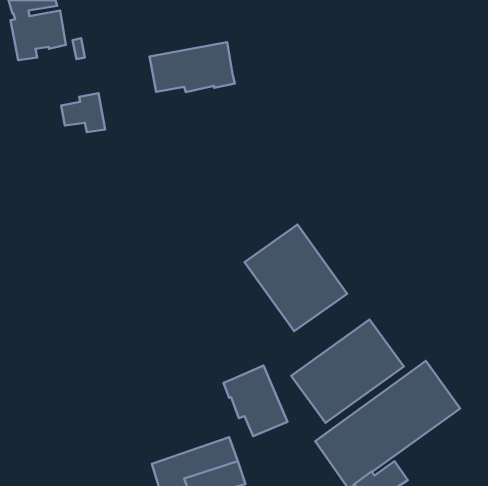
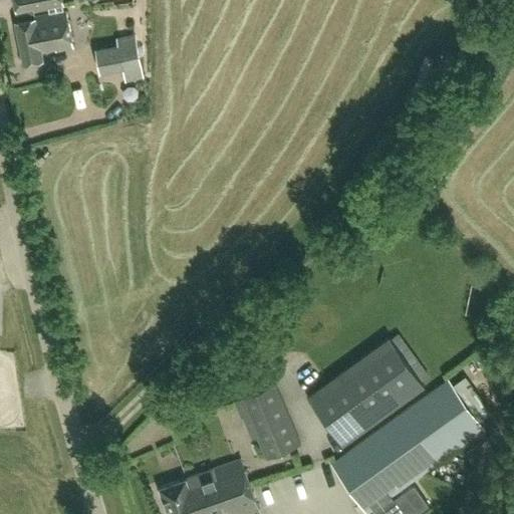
building: [149,42,235,92] -> none
building: [61,93,105,132] -> [96,39,143,80]
building: [244,224,347,331] -> none

